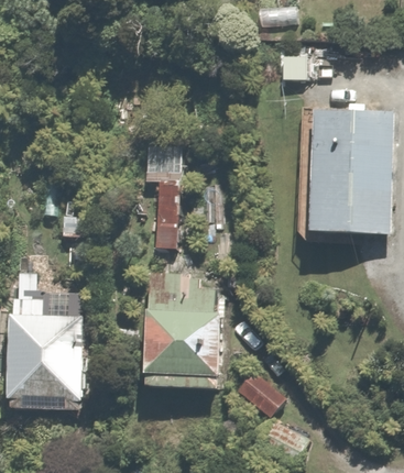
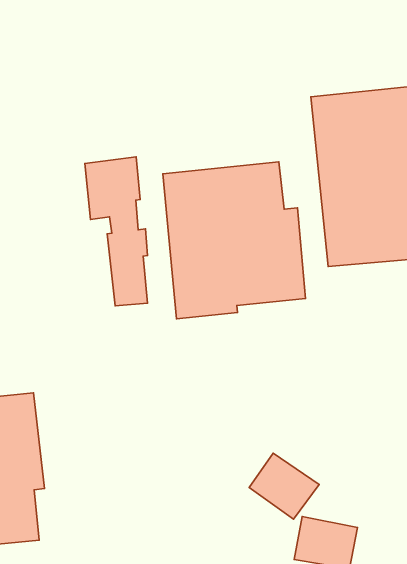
building: none -> [163,162,306,319]
building: [146,268,221,389] -> none

